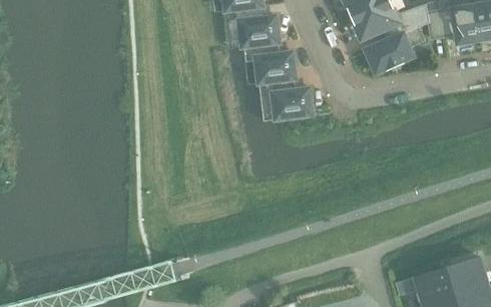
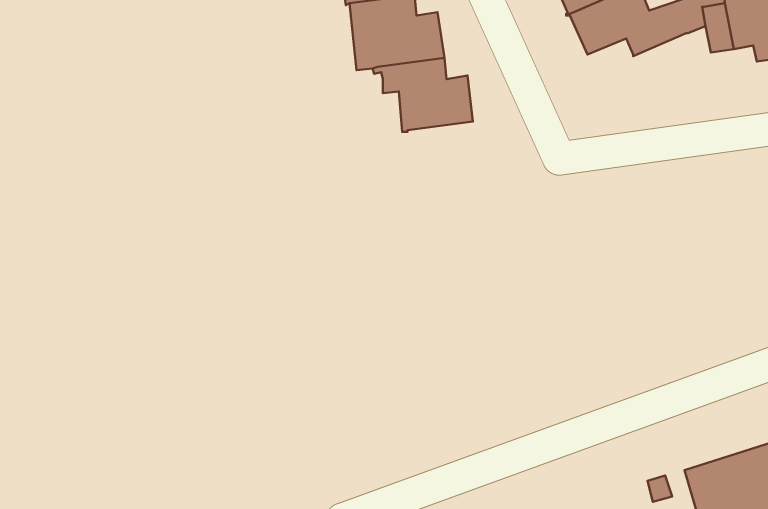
building: [365,28,423,74] -> none
building: [259,78,313,121] -> none

